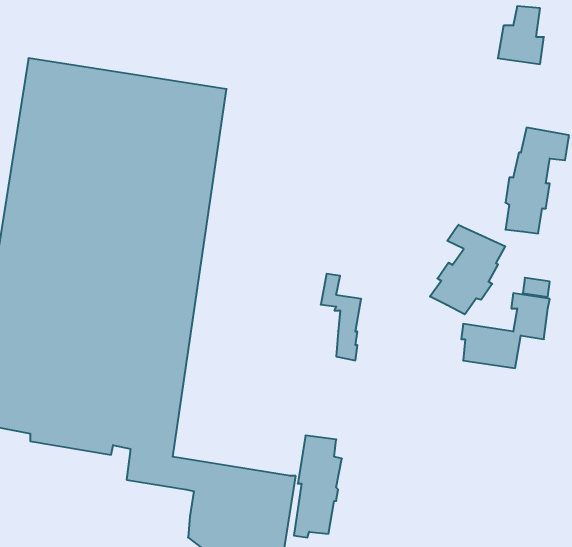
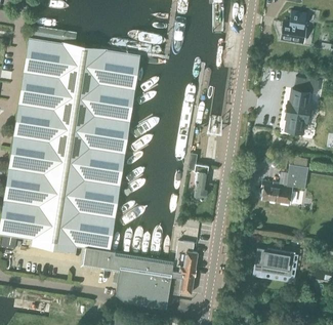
building: [430,225,505,314] -> none
building: none -> [255,248,294,277]

